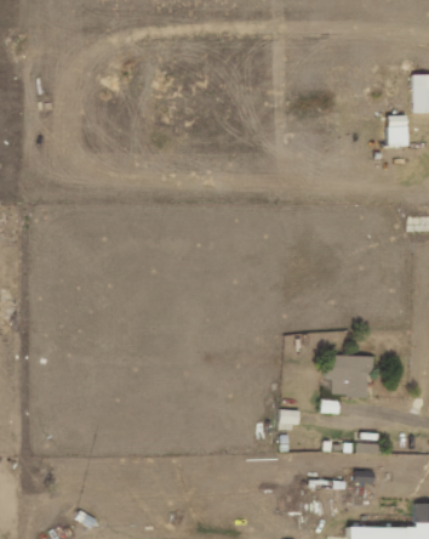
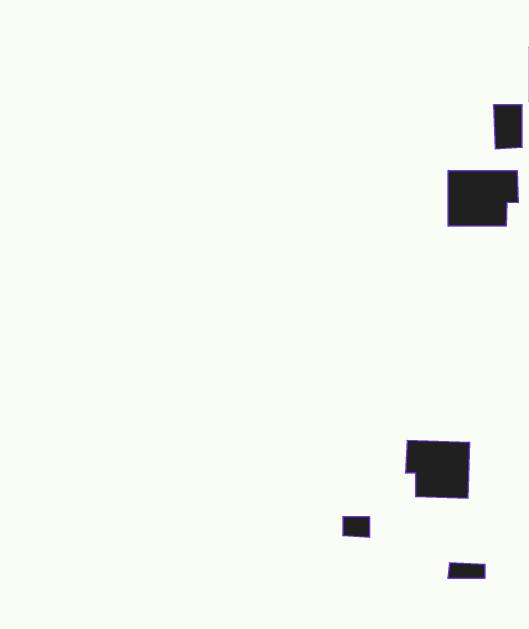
building: none -> [448,170,518,226]

